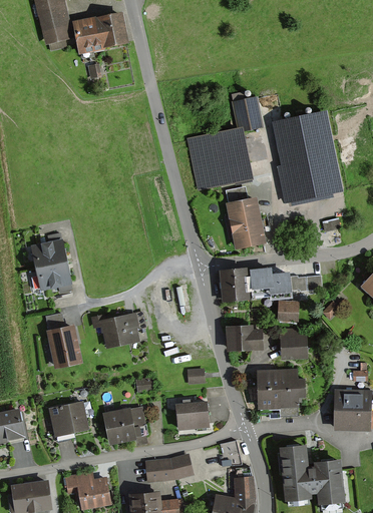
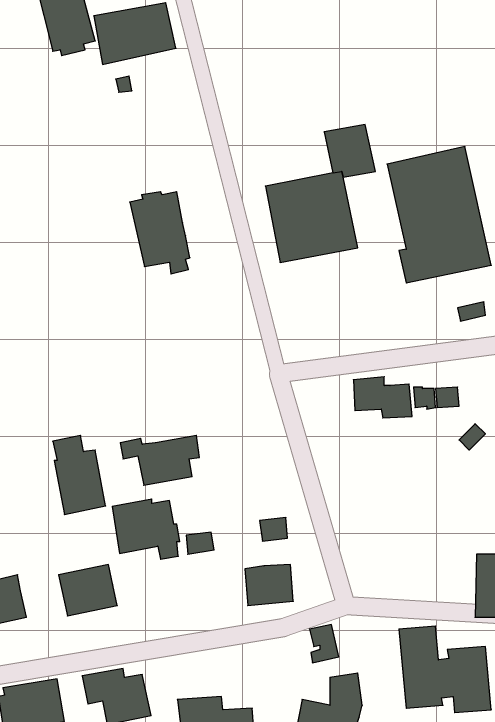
building: [227,188,267,251] -> none
building: [31,235,72,292] -> [130,192,190,274]
building: [219,272,249,305] -> none
building: [277,304,298,324] -> none
building: [225,328,262,356] -> none
building: [281,330,307,362] -> none
building: [256,372,305,417] -> none
building: [102,405,148,446] -> [112,499,180,559]
building: [146,453,194,481] -> none

